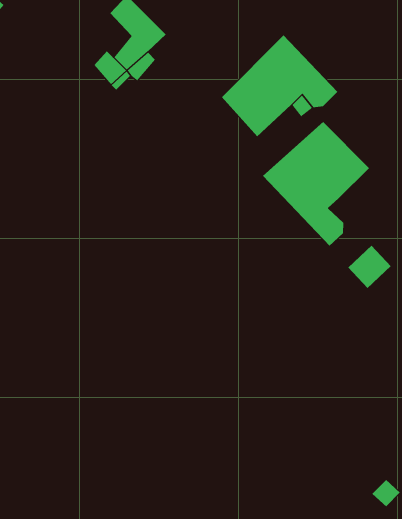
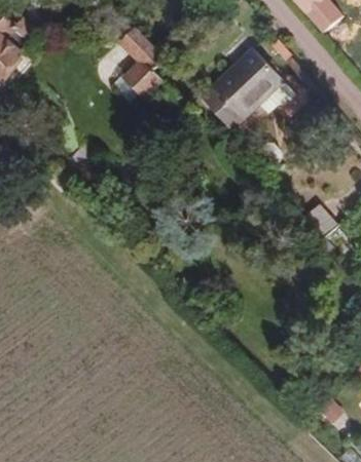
building: [262,121,370,246] -> none

